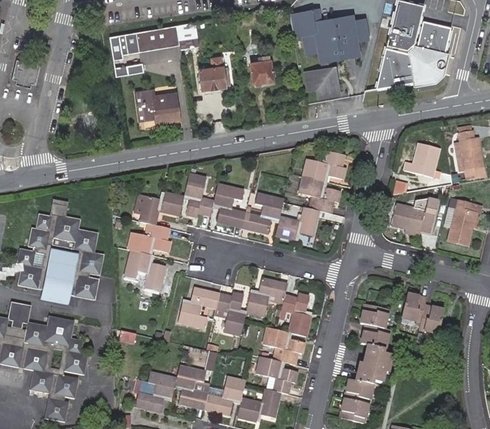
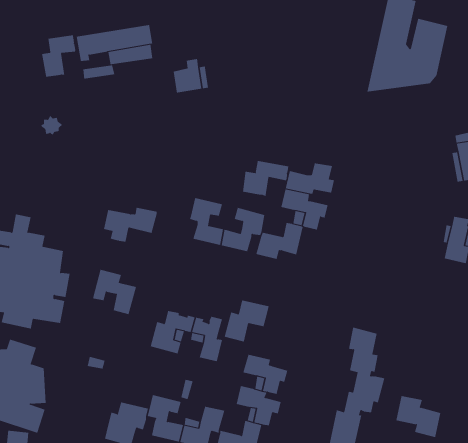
building: [289,9,368,96] -> none
building: none -> [42,35,76,77]
building: [251,54,271,82] -> none
building: [142,89,179,121] -> none
building: [404,143,441,179] -> none
building: none -> [242,160,289,197]
building: [185,174,215,217] -> none
building: [391,200,437,233] -> none
building: [128,224,171,255] -> none
building: [280,294,311,337] -> none
building: [402,294,444,333] -> [396,395,441,438]

